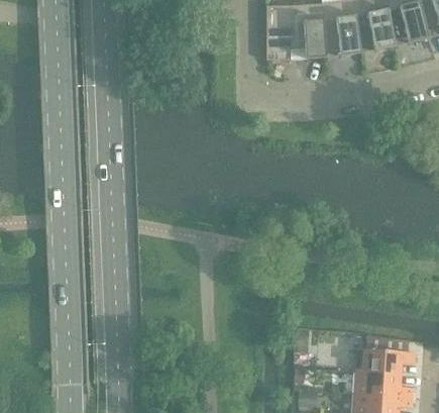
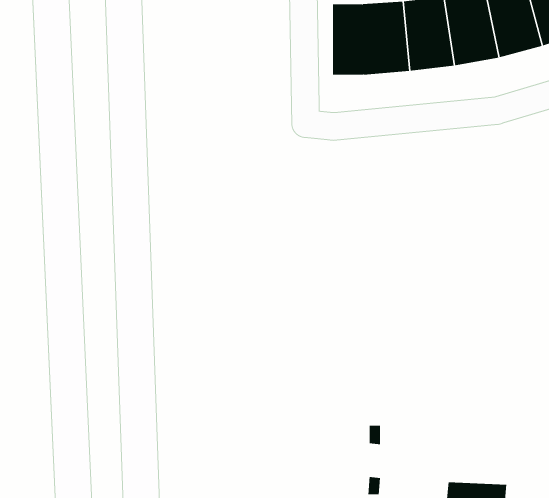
building: [355,334,416,373] -> none

